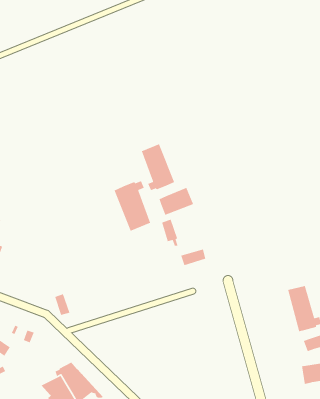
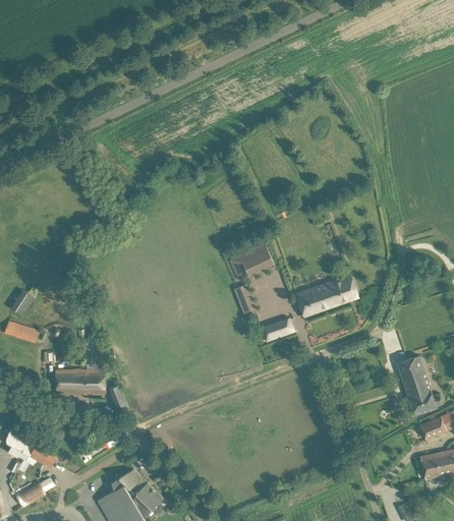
building: [141,143,175,191] -> none
building: [113,180,151,232] -> none
building: none -> [295,275,357,315]
building: none -> [55,368,105,393]

